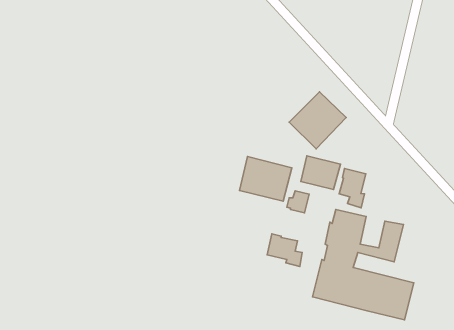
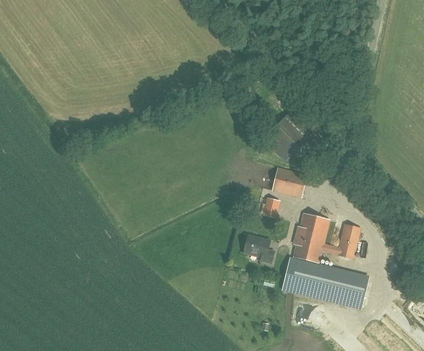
building: [239,156,292,201] -> none
building: [339,168,366,208] -> none

